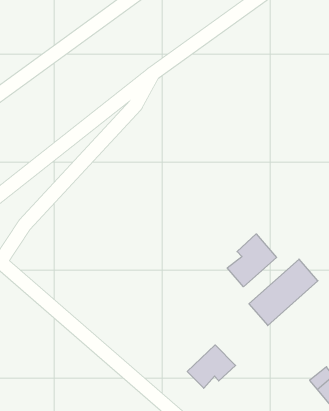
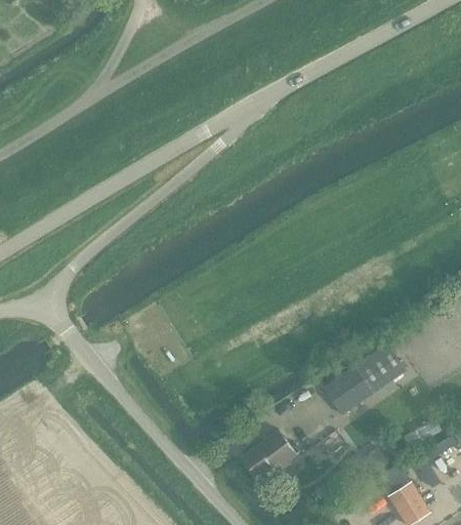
building: [227,234,277,287] -> none

